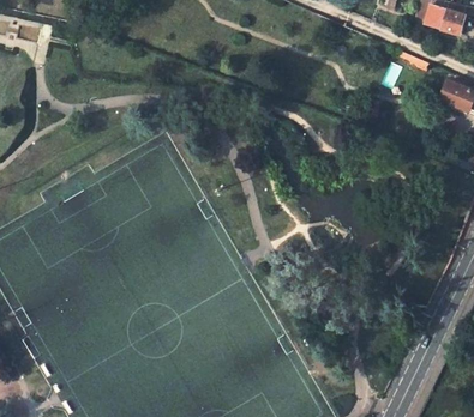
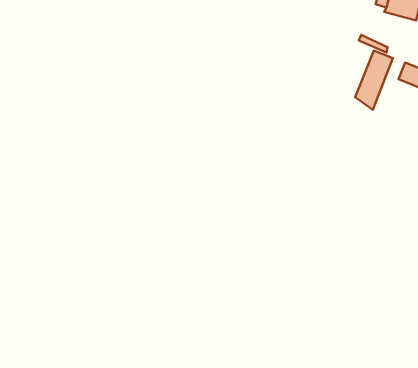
building: none -> [355,50,393,110]

